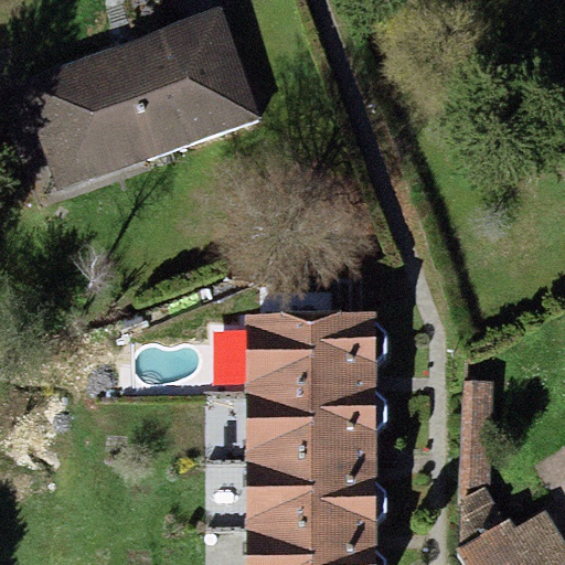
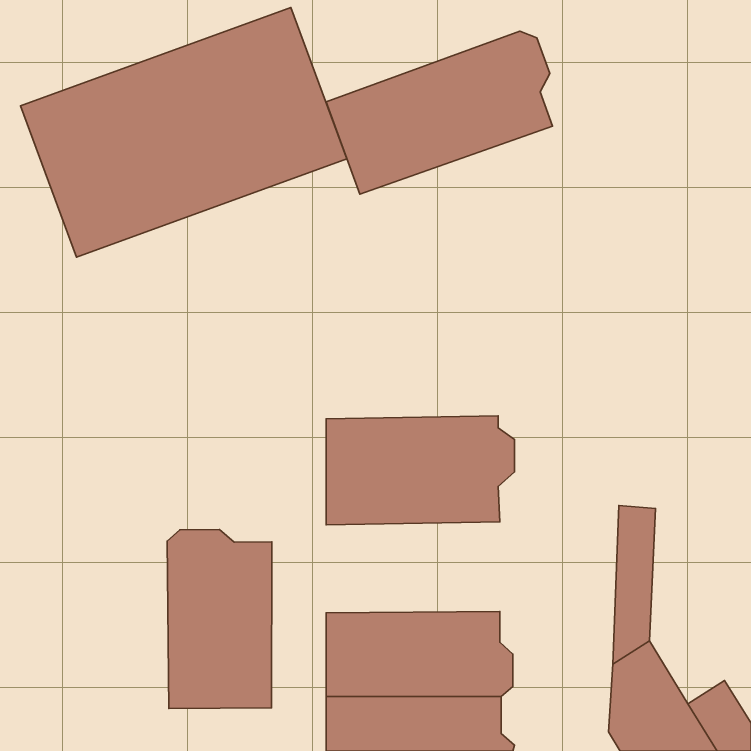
building: none -> [326,31,552,194]
building: [245,392,386,460] -> none
building: none -> [167,530,272,709]

